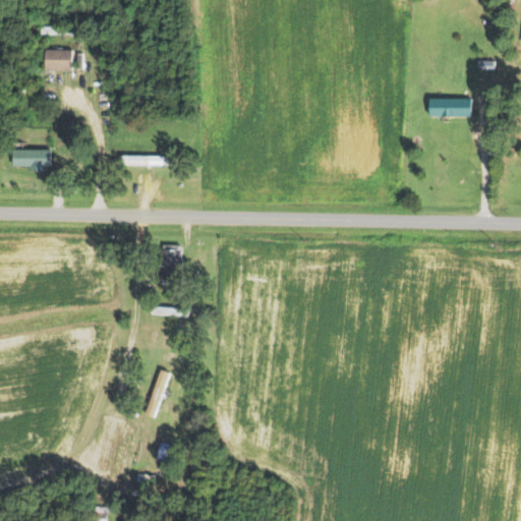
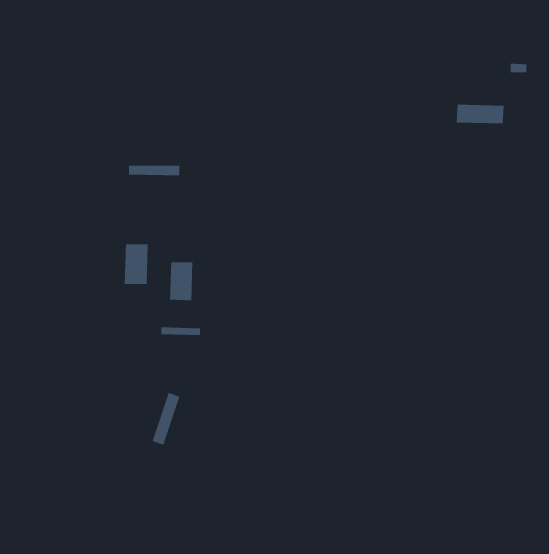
building: [46,49,73,70] -> none
building: [13,149,51,167] -> none
building: none -> [124,243,148,285]

